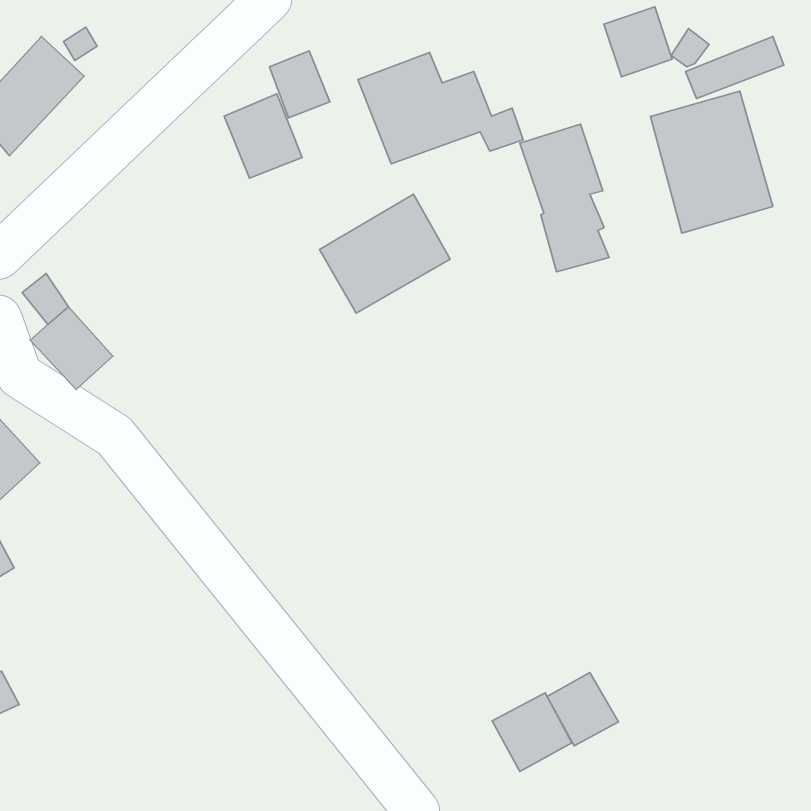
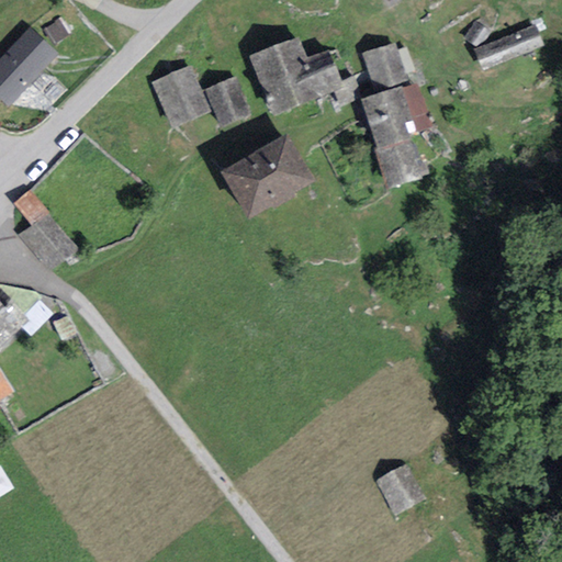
building: [604,7,672,77] -> [360,42,407,90]
building: [270,51,330,118] -> [207,78,249,124]
building: [651,91,773,233] -> none
building: [492,693,572,771] -> none

